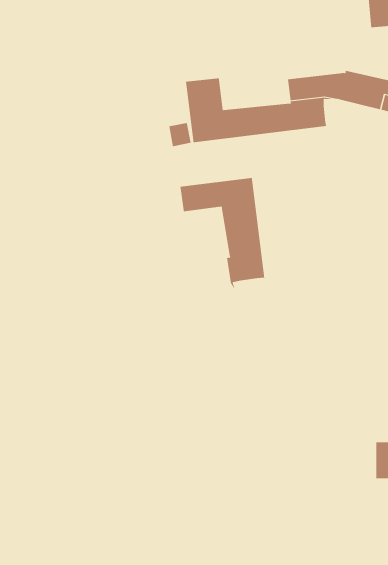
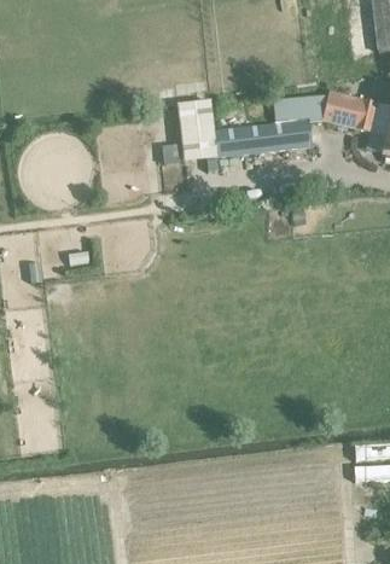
building: [180,177,265,293] -> none

